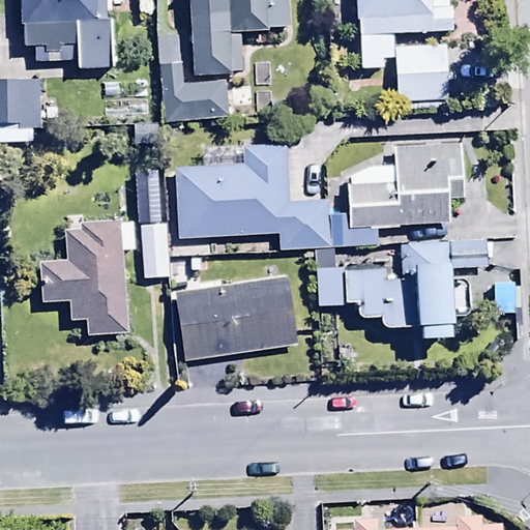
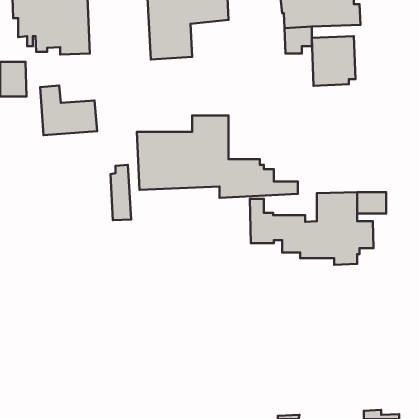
building: [158,61,230,123] -> [40,86,97,135]
building: [347,142,467,228] -> none
building: [40,216,134,334] -> none
building: [176,273,297,359] -> none

